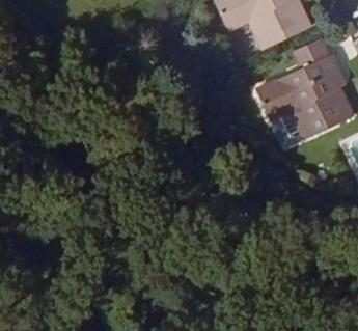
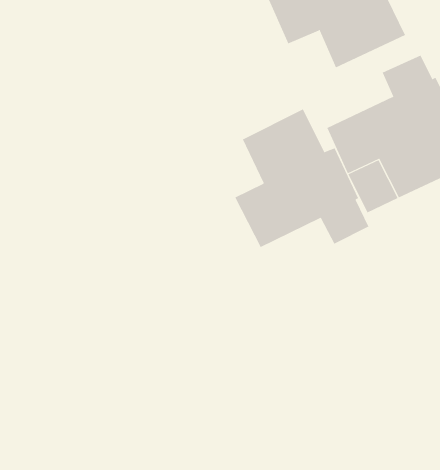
building: none -> [235,109,369,248]

